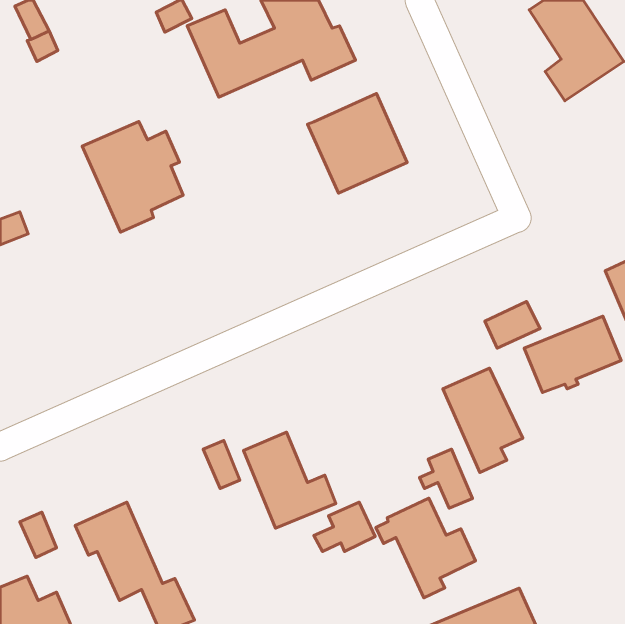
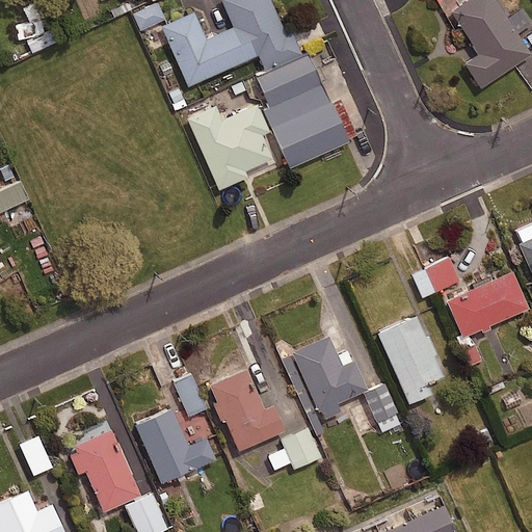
building: none -> [245,53,321,107]
building: [82,121,183,232] -> [186,96,271,189]
building: none -> [135,408,216,482]
building: [376,498,476,598] -> [283,336,367,420]

